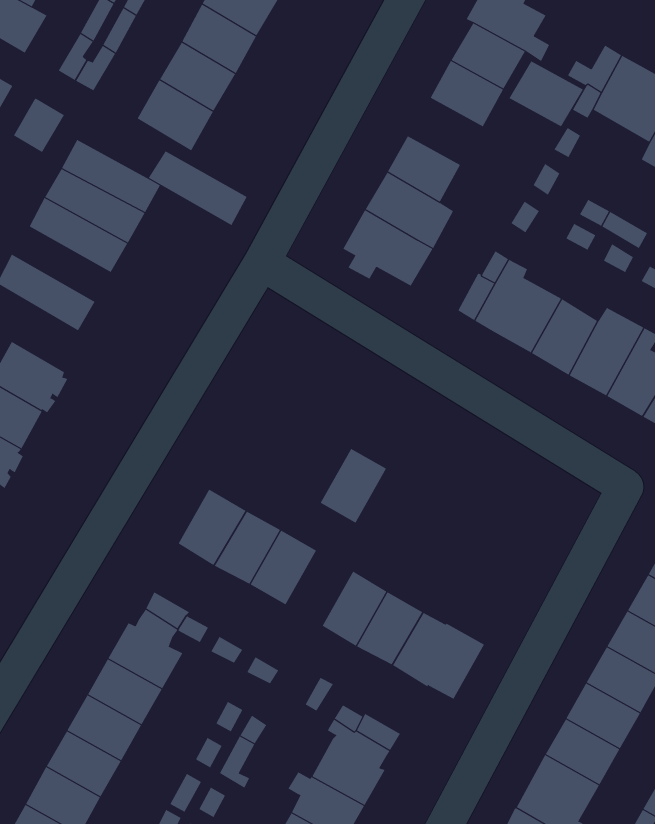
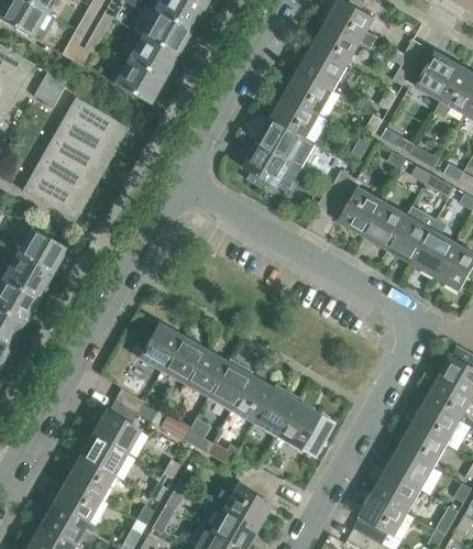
building: [509,60,584,127] -> [285,72,333,114]
building: [148,151,247,226] -> [31,154,95,202]
building: [320,448,387,523] -> [207,362,250,410]

